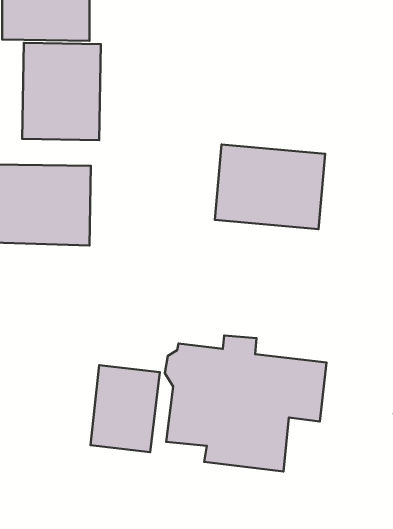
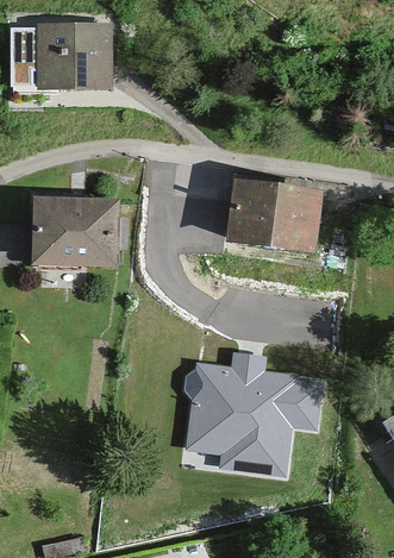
building: [22,43,101,140] -> none
building: [90,365,160,452] -> none

